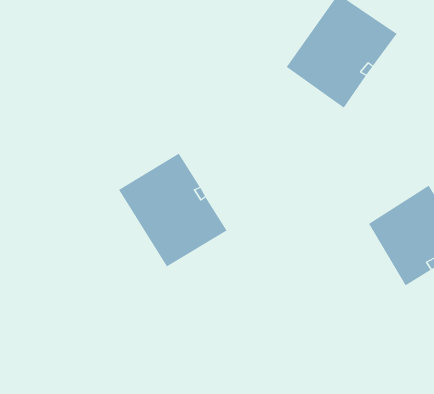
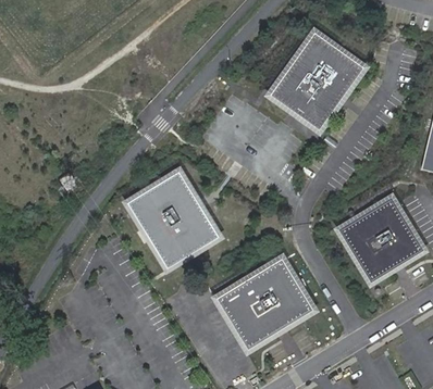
building: none -> [215,258,314,351]

